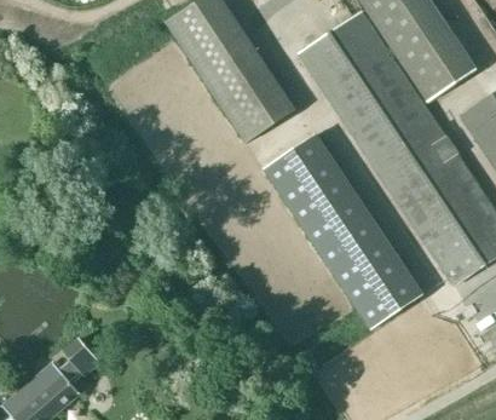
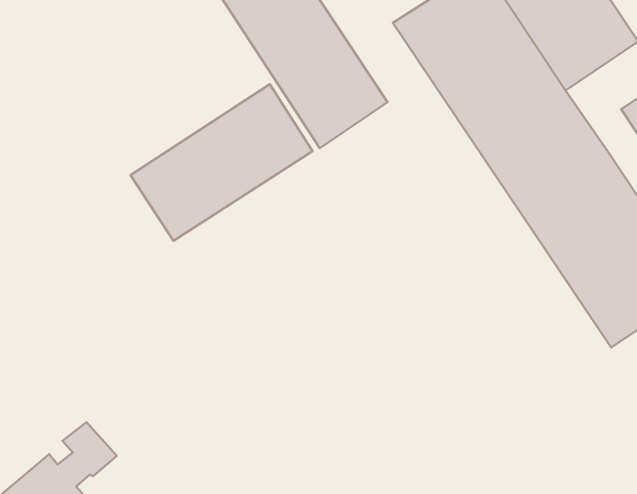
building: none -> [130,84,313,241]
building: [263,136,419,329] -> none

